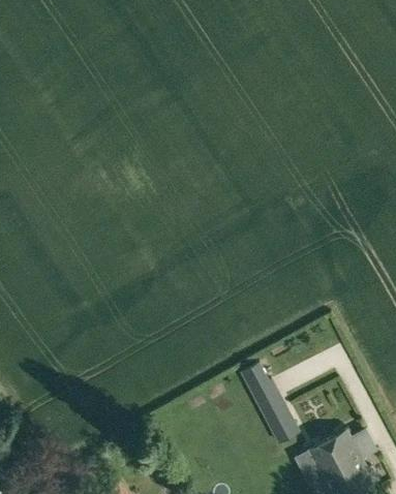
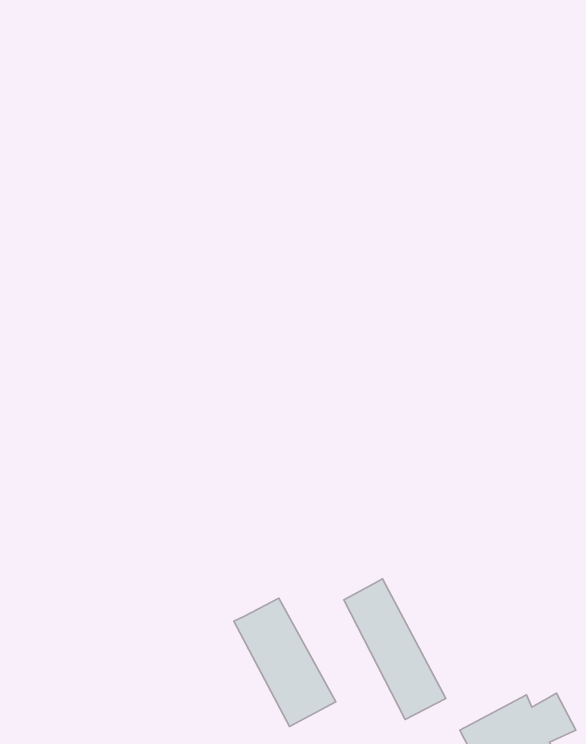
building: none -> [234,598,336,726]

